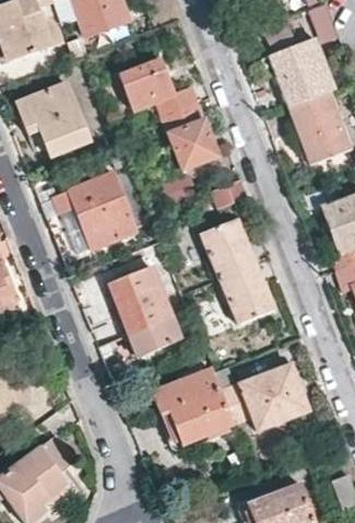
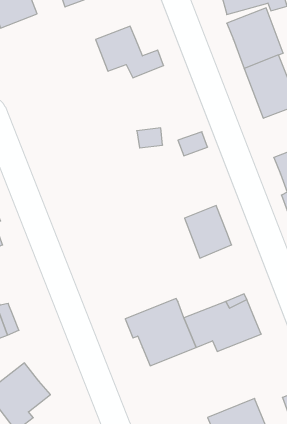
building: [15,83,90,156] -> none
building: [162,103,217,170] -> none
building: [54,171,137,249] -> none
building: [202,218,257,277] -> none
building: [113,266,180,357] -> none

